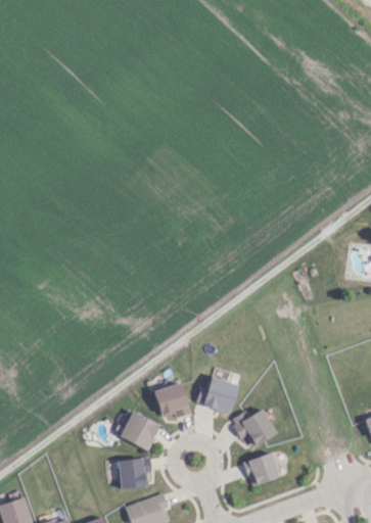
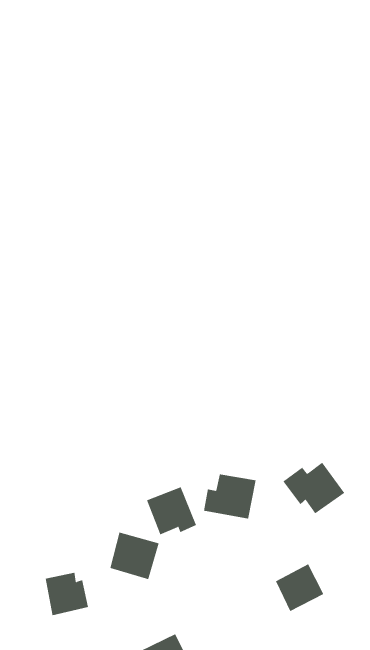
building: [231,408,277,446] -> [283,462,345,514]
building: [119,458,149,488] -> [45,572,89,616]

